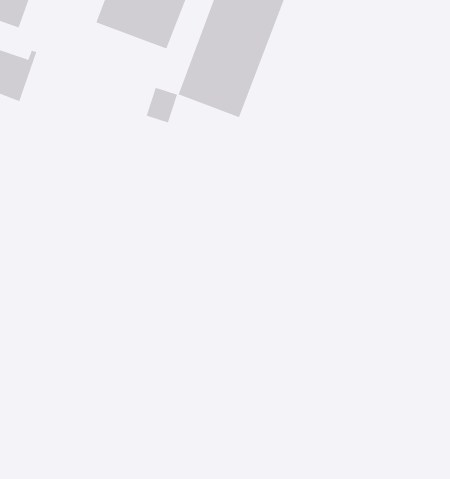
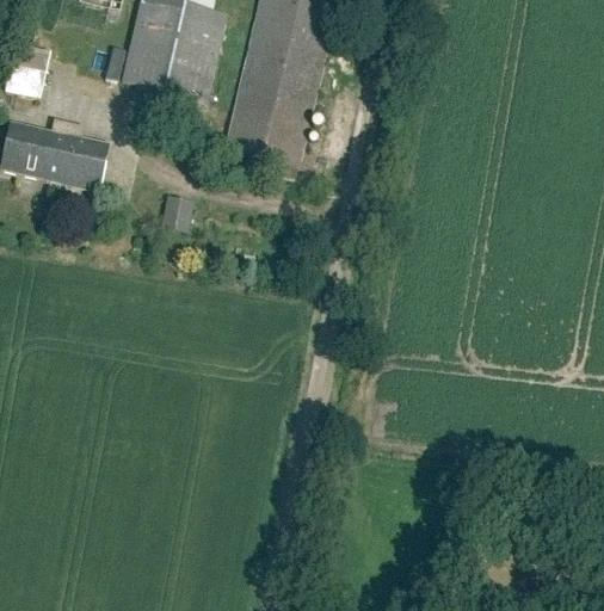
building: none -> [49,121,109,190]
building: [146,87,178,123] -> [159,195,191,233]

